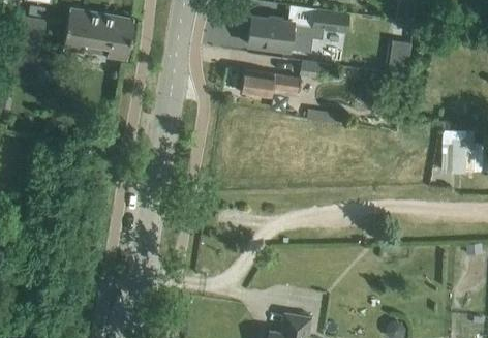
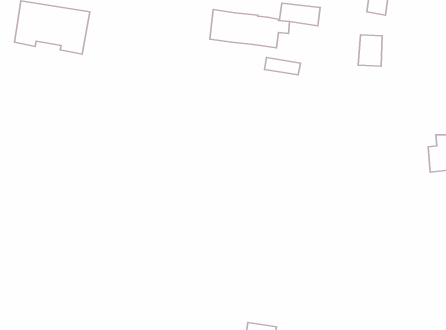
building: [240,69,300,97] -> none

